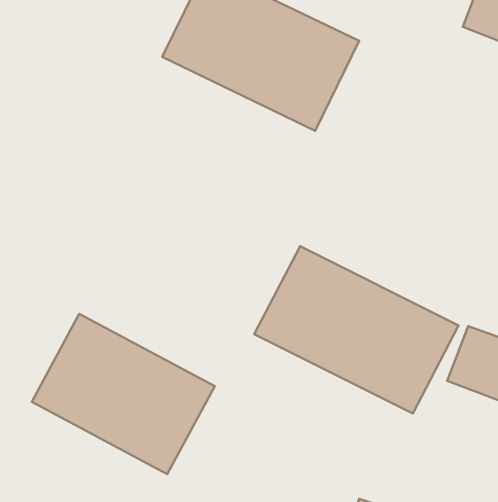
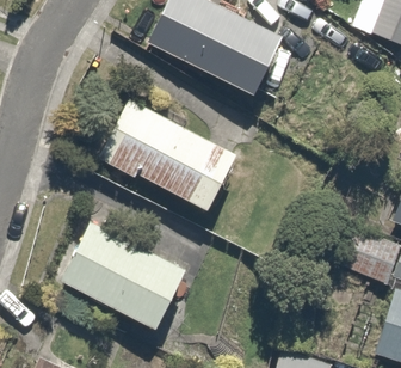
building: [254,246,458,413] -> [97,99,235,213]

